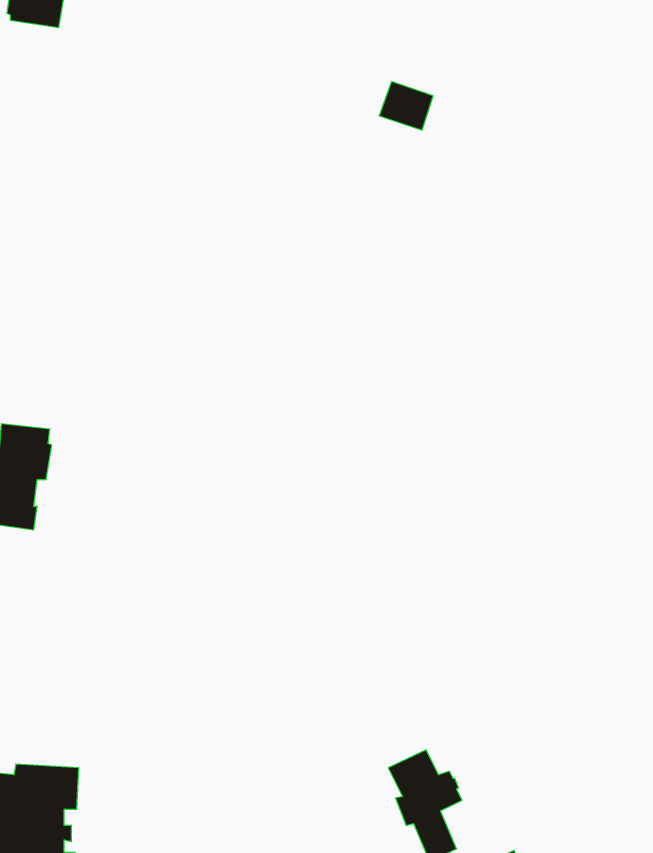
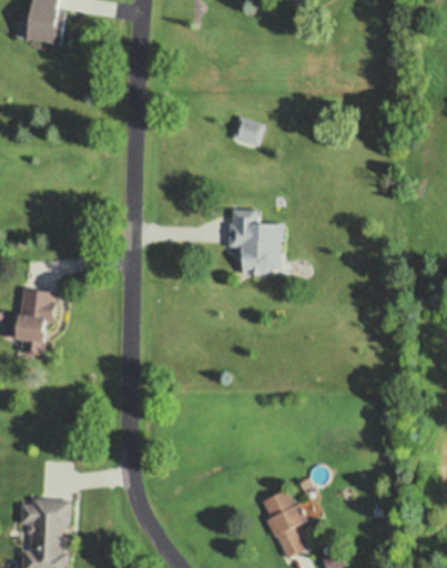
building: [379,82,433,130] -> [232,118,265,148]
building: none -> [228,209,284,275]

